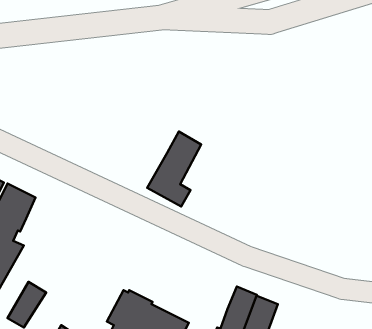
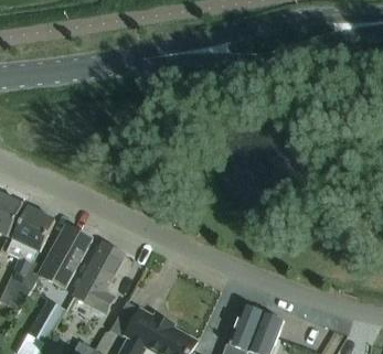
building: [147,132,201,207] -> [73,242,124,312]
building: none -> [40,225,91,288]

